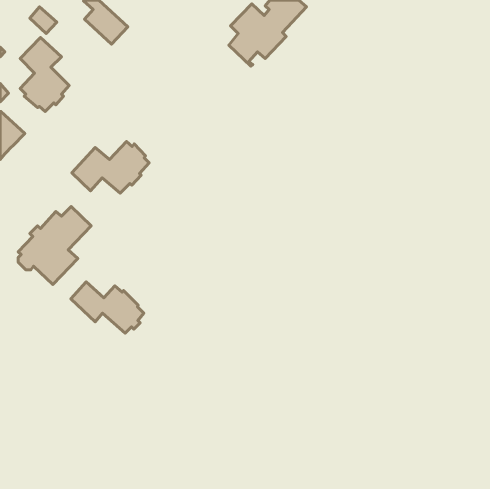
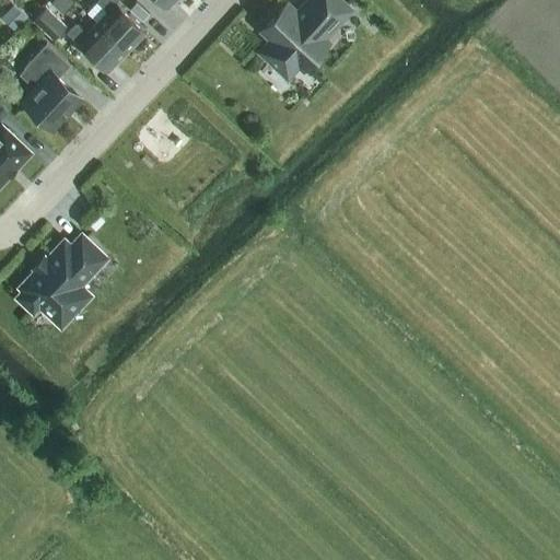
building: none -> [68,24,128,73]
building: [72,142,149,193] -> none
building: [71,282,144,333] -> none

